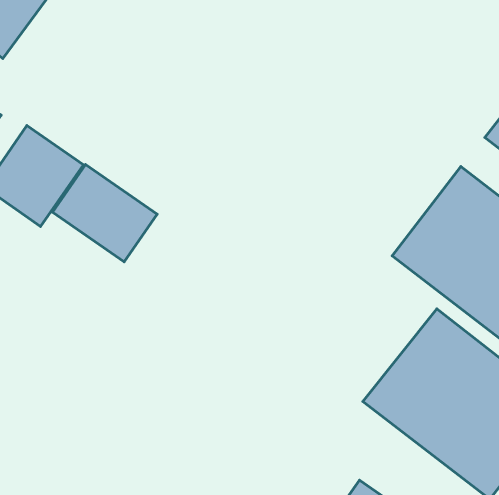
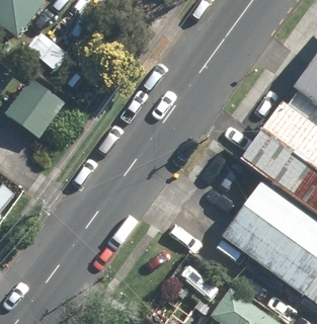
building: [53,165,157,262] -> none

